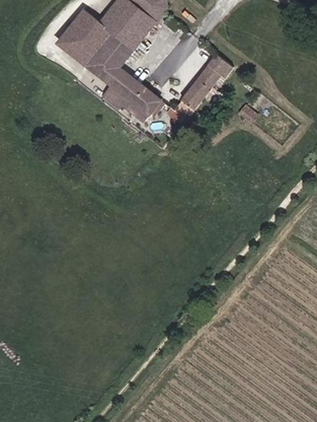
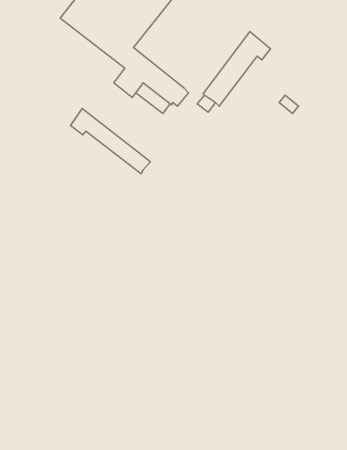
building: none -> [71,109,150,174]

